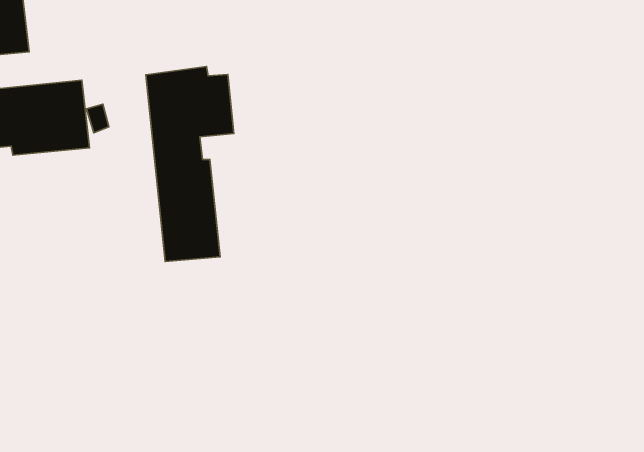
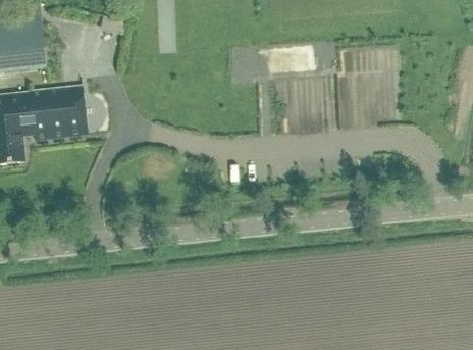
building: [146,66,234,262] -> none

